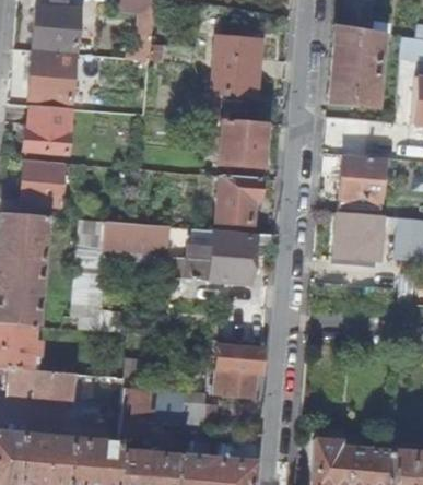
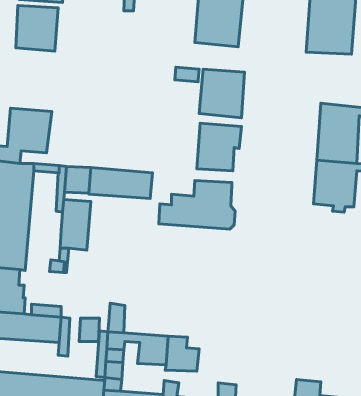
building: [24,107,71,154] -> none
building: [219,347,263,400] -> none

